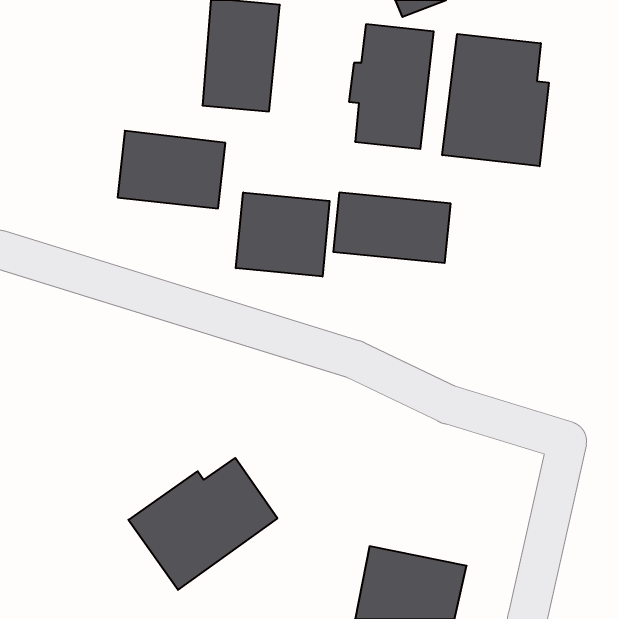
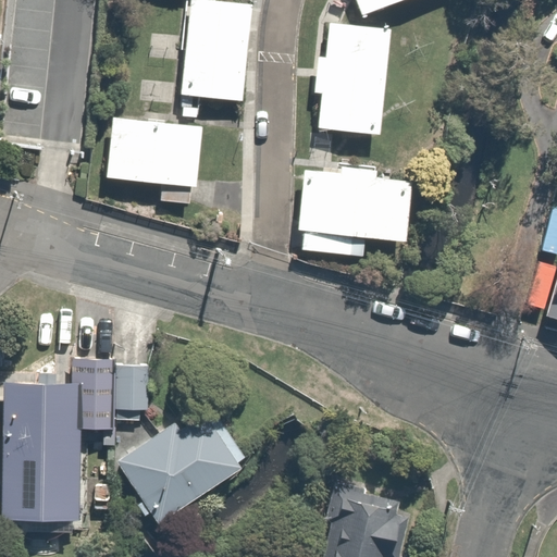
building: [442,34,549,166] -> none
building: [236,192,330,277] -> none
building: none -> [4,355,156,519]

